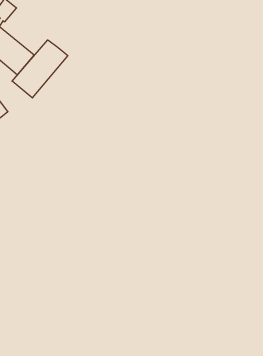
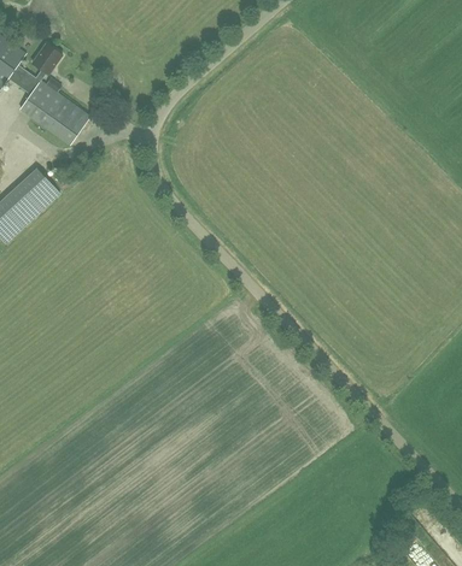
building: [12,40,68,98] -> none

